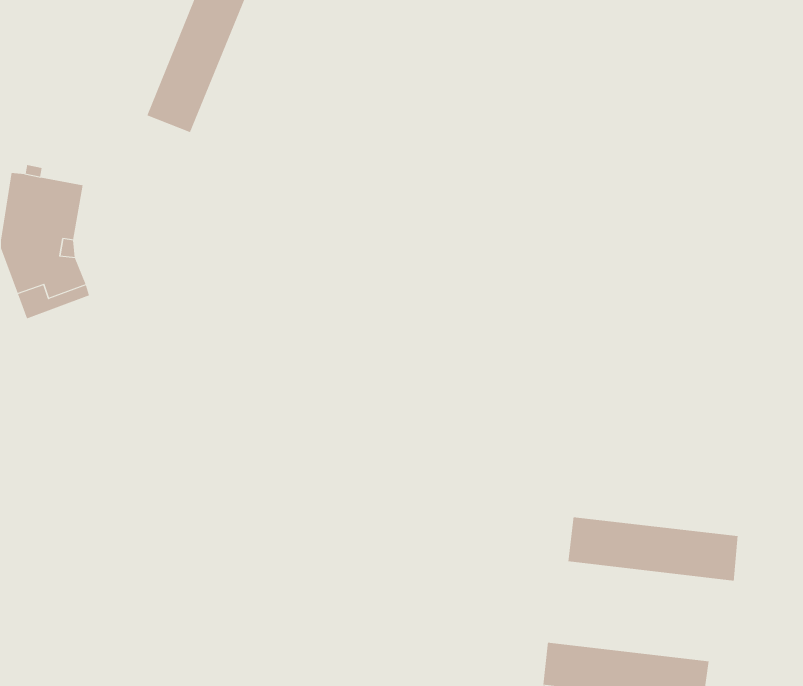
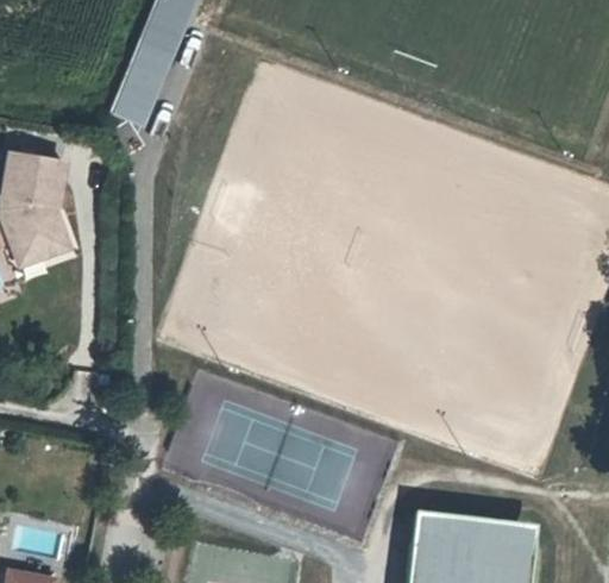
building: [568,517,738,581] -> none

